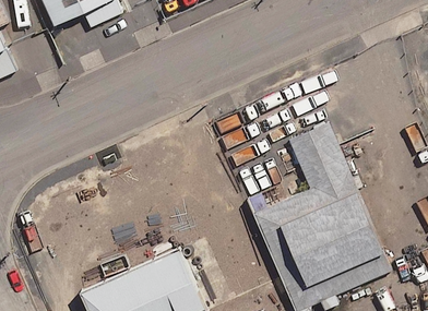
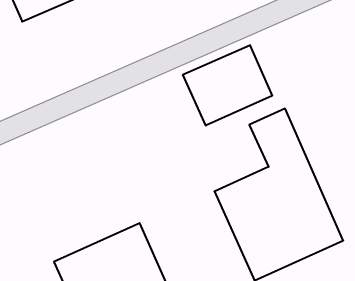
building: none -> [183,45,272,126]

